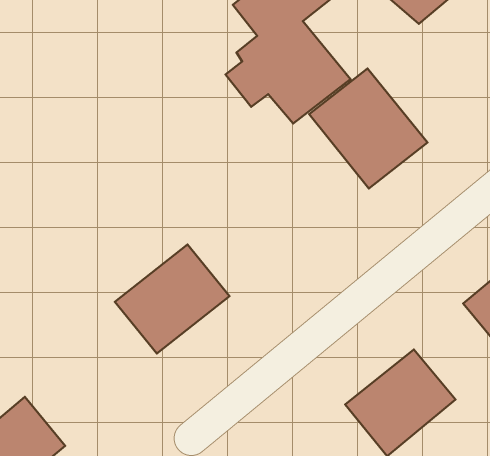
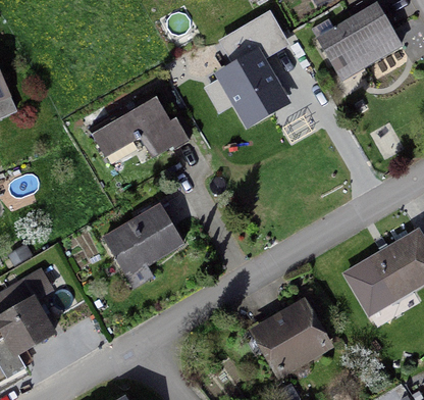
building: [309,68,428,188] -> none
building: none -> [91,98,190,160]

